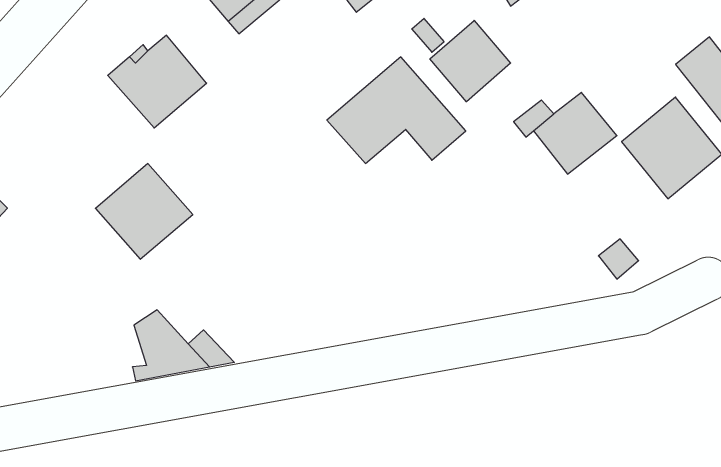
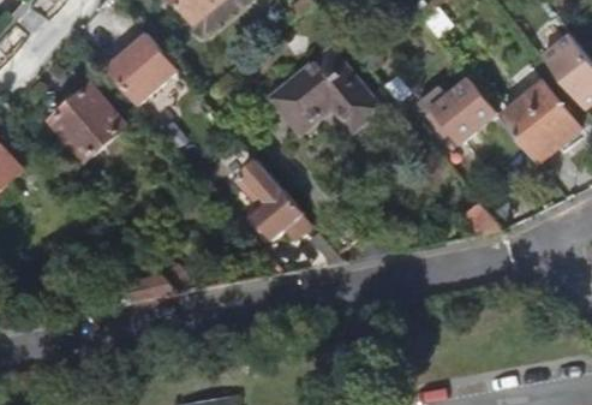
building: [430,20,511,102] -> none
building: [95,164,193,259] -> [50,87,126,161]
building: none -> [231,159,309,239]

